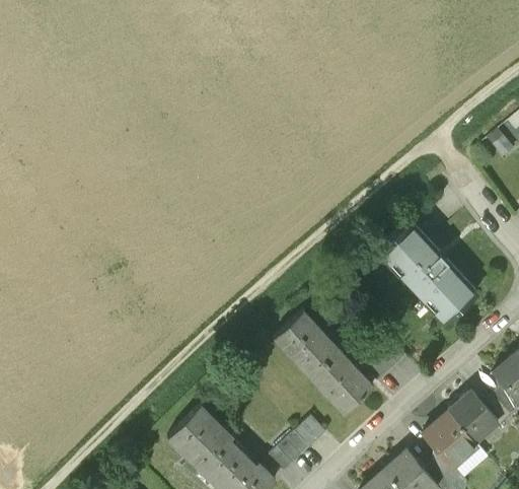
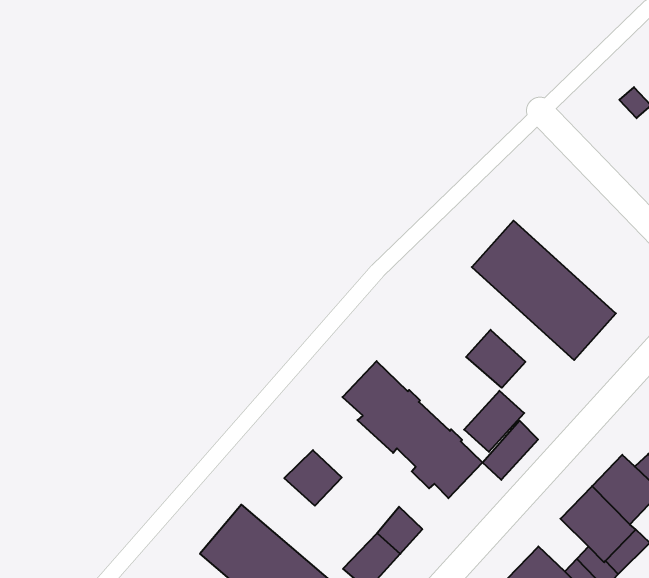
building: none -> [466,330,525,388]
building: none -> [483,421,538,480]
building: none -> [284,450,342,506]

